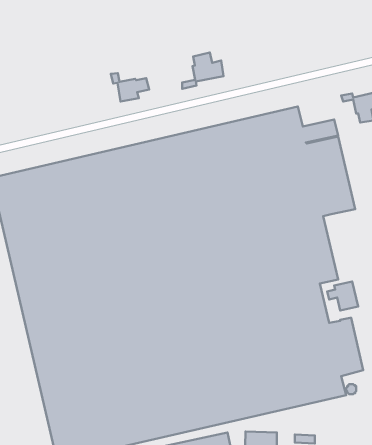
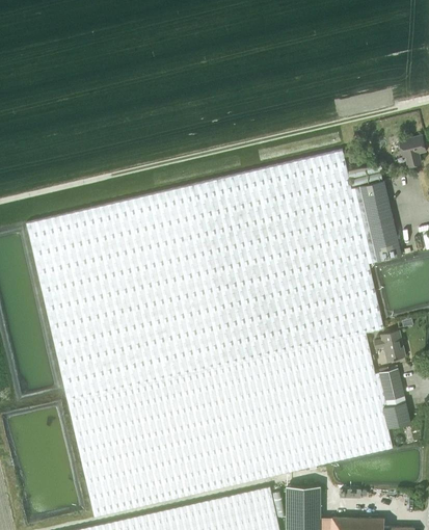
building: [182,52,223,89] -> none
building: [111,73,149,102] -> none

